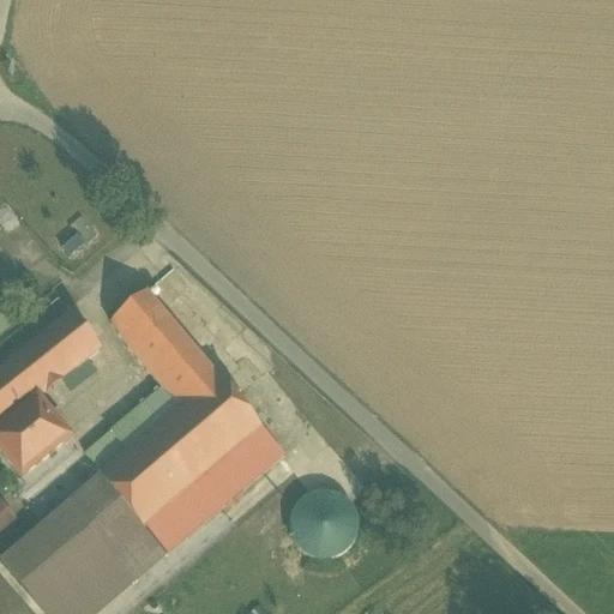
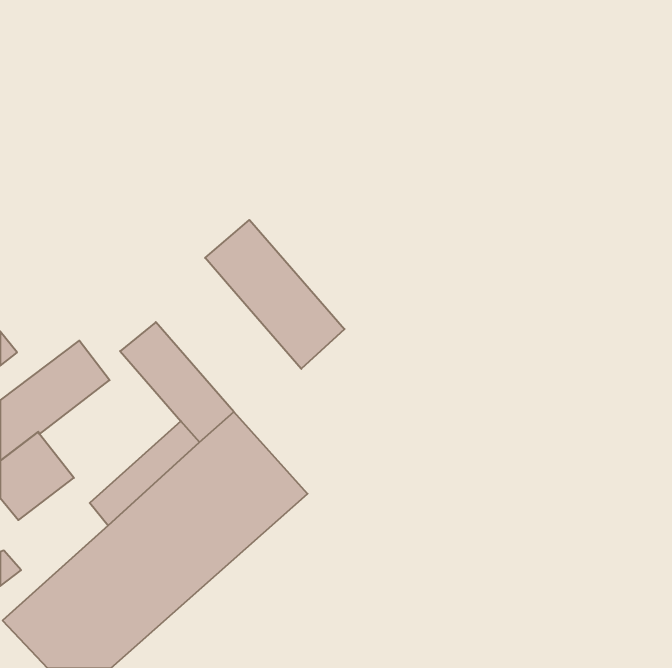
building: none -> [205,220,345,369]
building: [285,488,360,561] -> none

